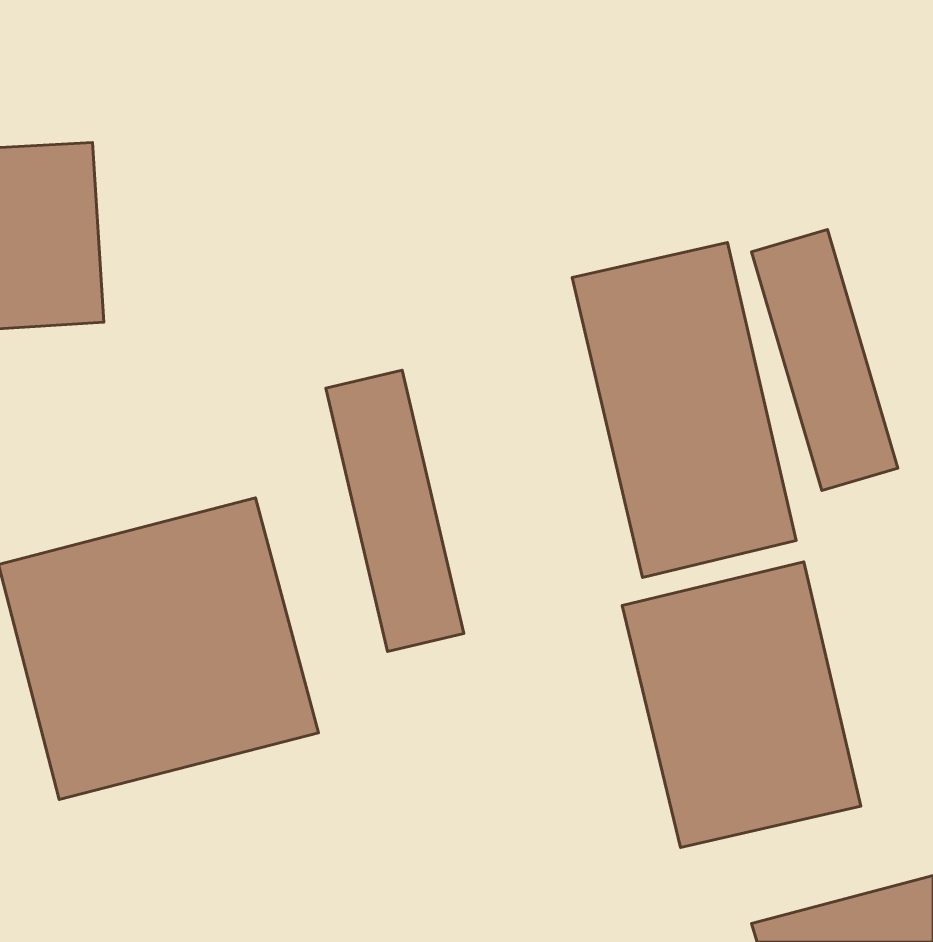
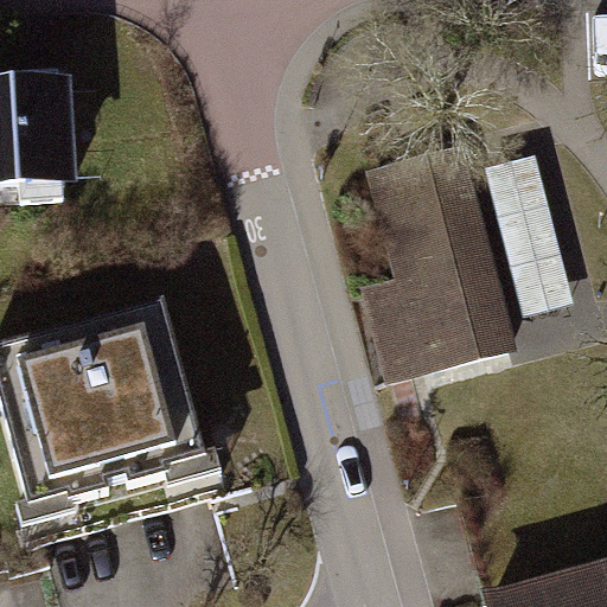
building: [326,370,464,651] -> none
building: [622,562,861,848] -> none

